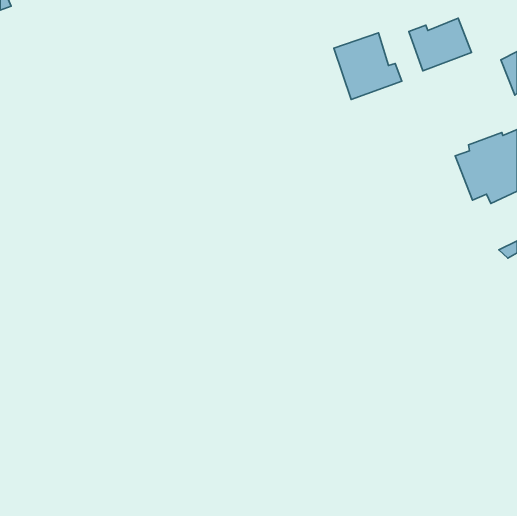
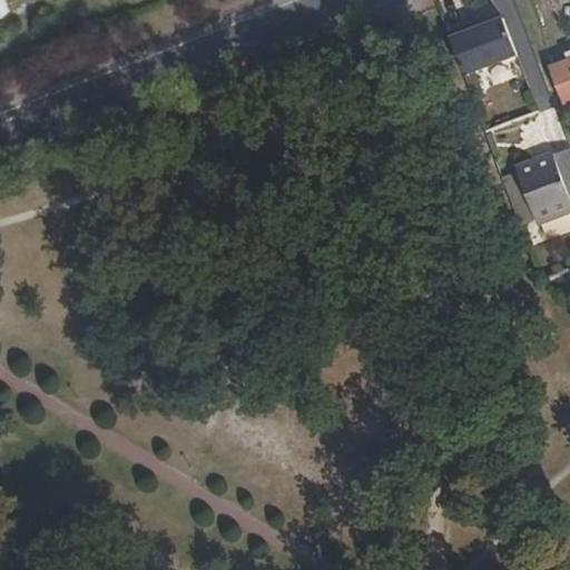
building: [334,33,402,99] -> none

